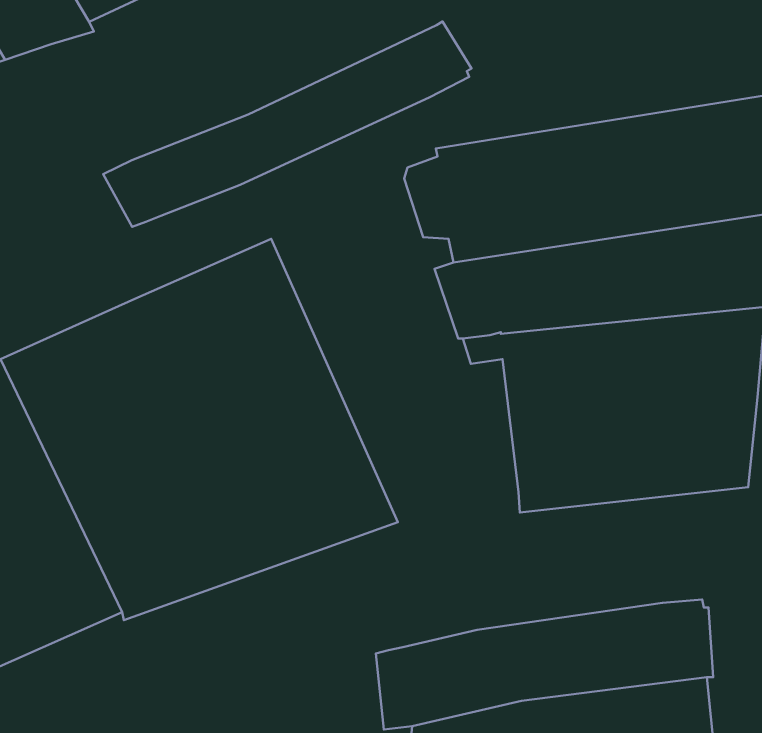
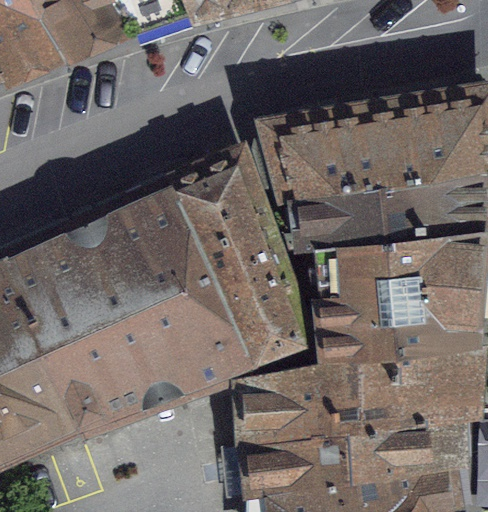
building: [103,22,471,227] -> none
building: none -> [172,158,308,367]
building: none -> [243,345,473,448]

